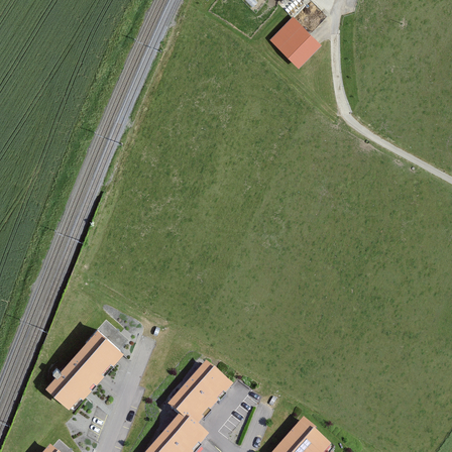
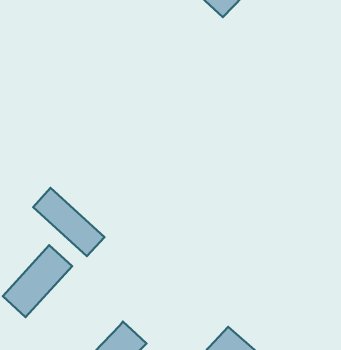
building: none -> [33,188,104,256]
building: [168,365,235,430] -> none

